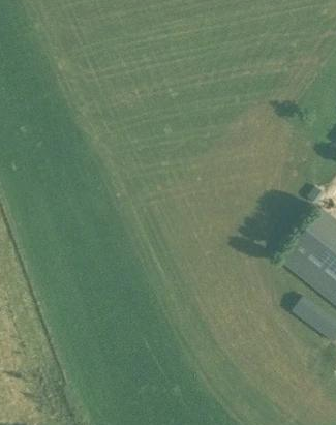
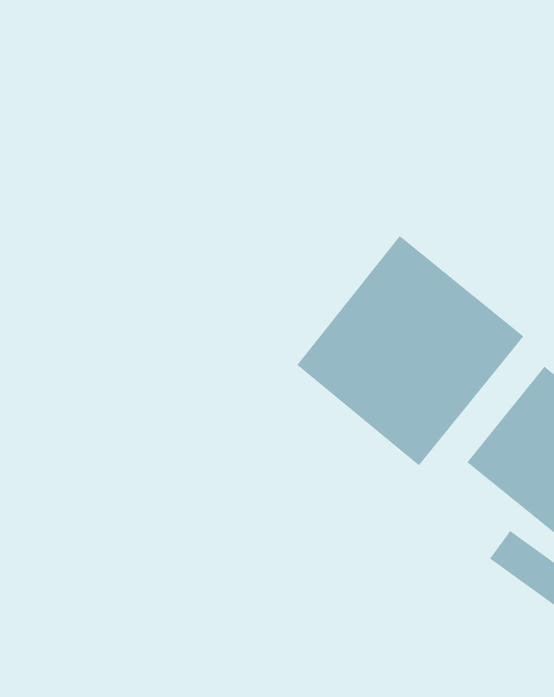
building: none -> [297,235,524,466]

